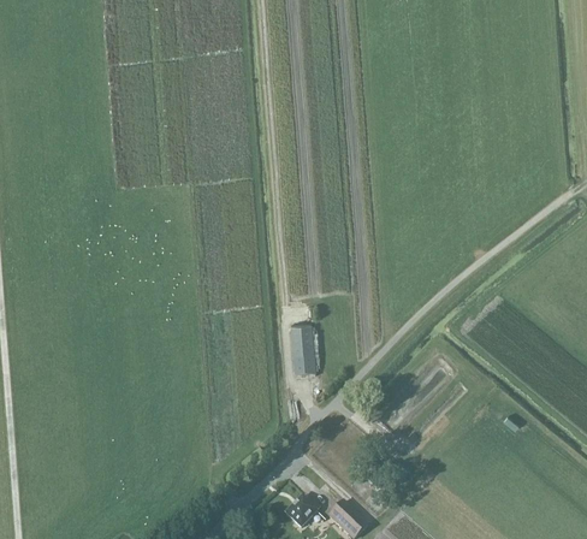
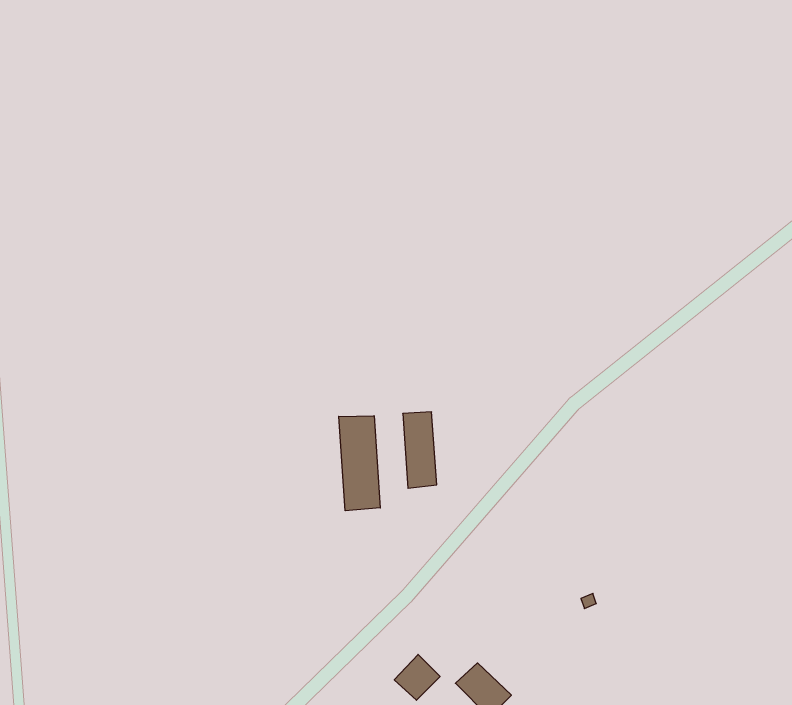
building: none -> [339,416,380,511]

